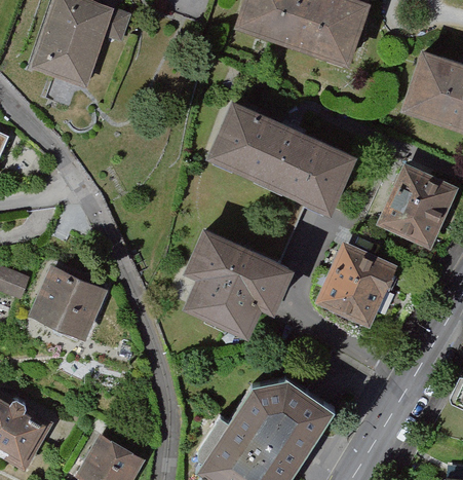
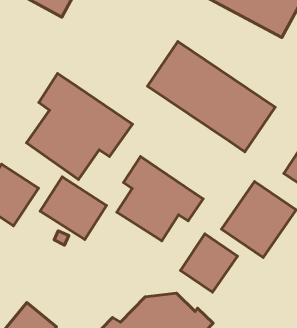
building: none -> [27,74,133,180]
building: none -> [40,177,106,239]
building: none -> [180,234,238,292]

